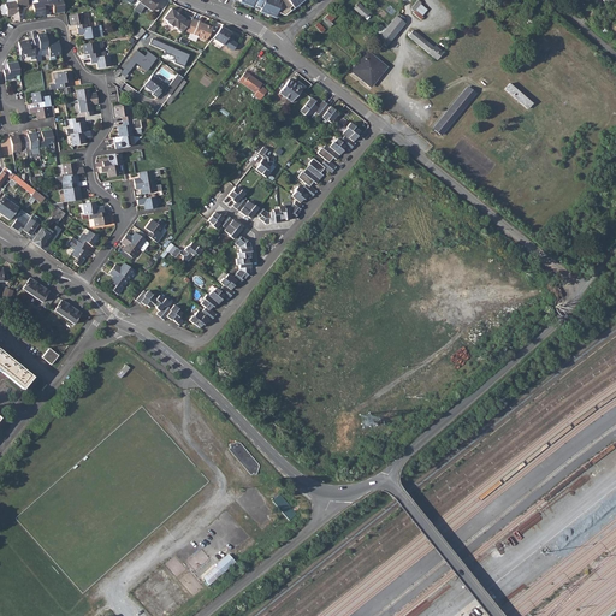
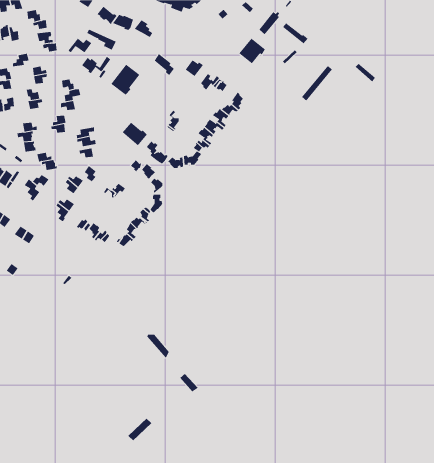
building: none -> [111,64,140,96]
building: none -> [122,122,148,146]

